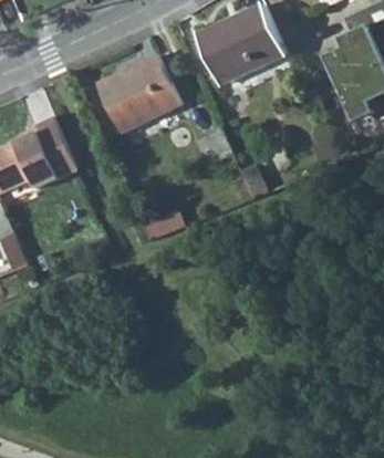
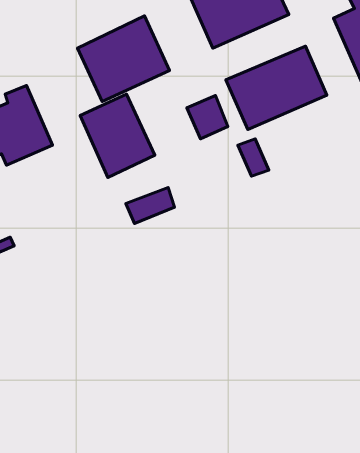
building: none -> [226,46,327,129]
building: none -> [80,94,155,177]

